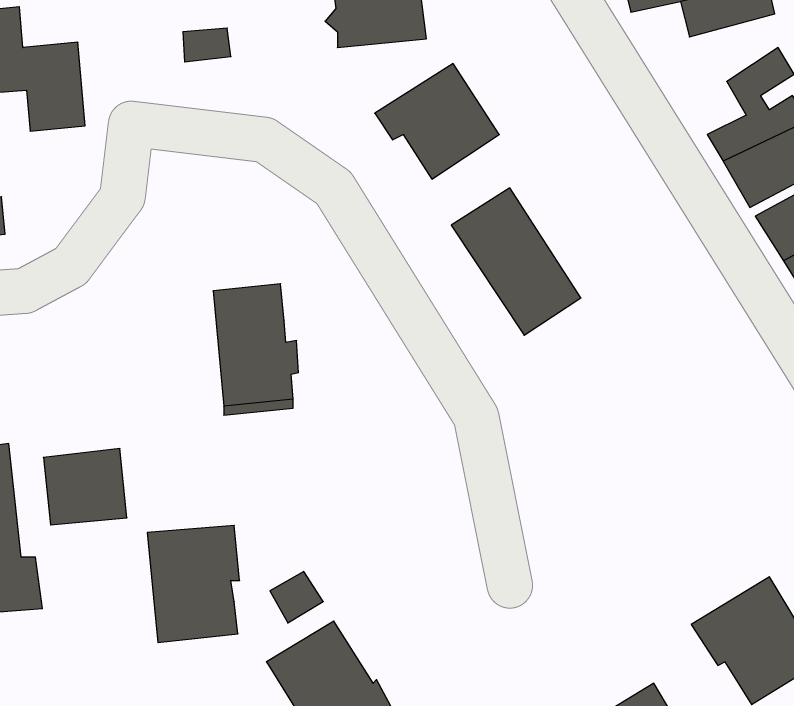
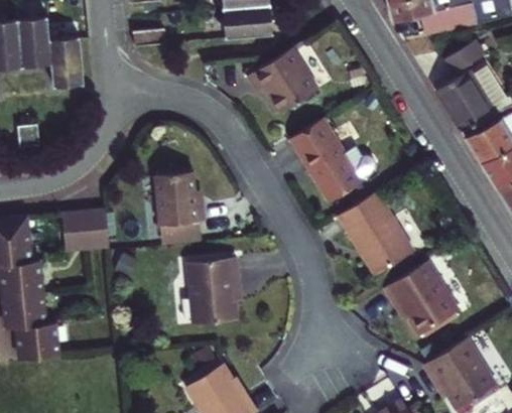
building: none -> [340,191,416,277]
building: none -> [387,262,461,336]
building: [43,449,127,525] -> [59,210,107,253]
building: [147,525,240,643] -> [186,259,239,325]

